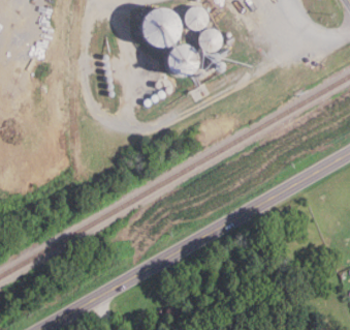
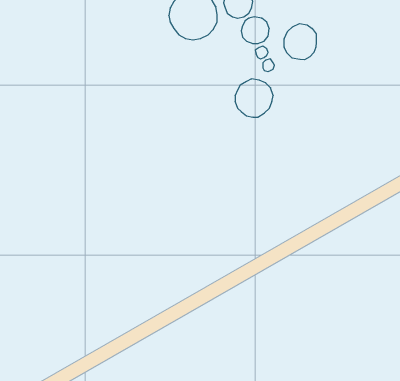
building: none -> [284,24,316,60]
building: [166,46,197,77] -> [235,79,273,117]

